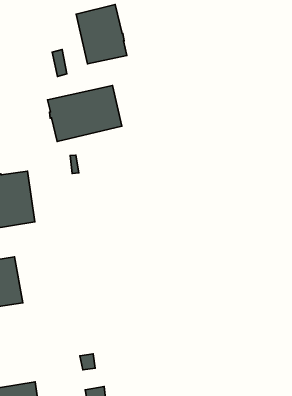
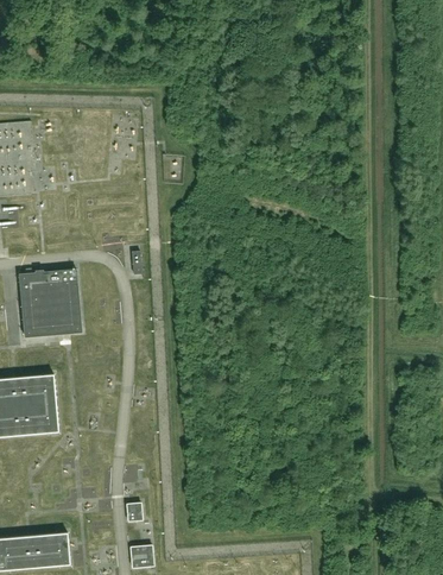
building: [76,5,127,64] -> none
building: [48,85,122,142] -> none

